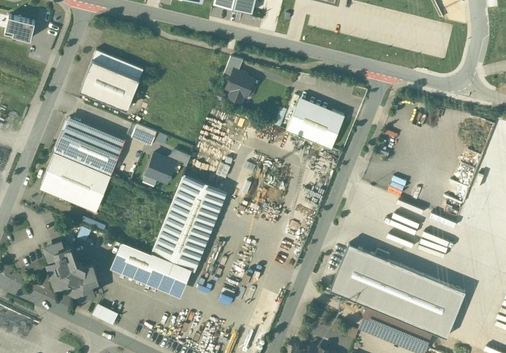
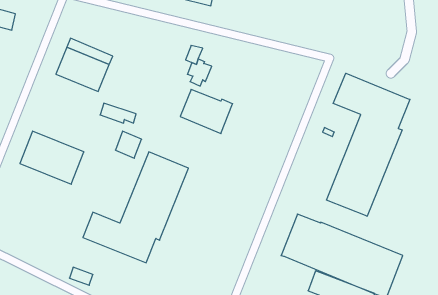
building: none -> [326,73,410,216]
building: [286,101,344,150] -> [180,89,233,134]
building: [54,117,125,176] -> none
building: [45,243,98,300] -> none

